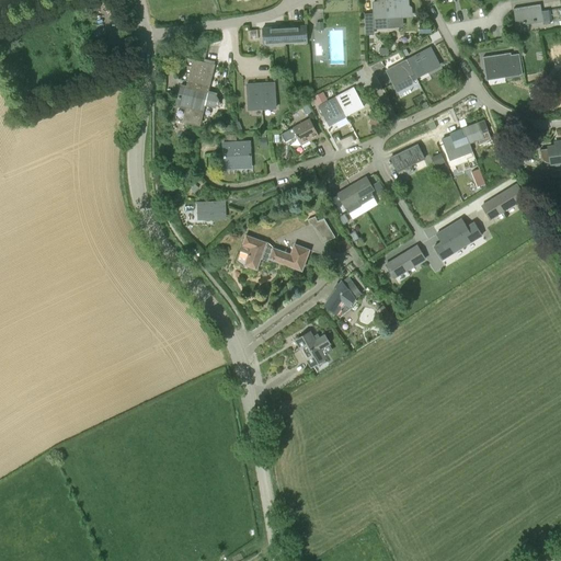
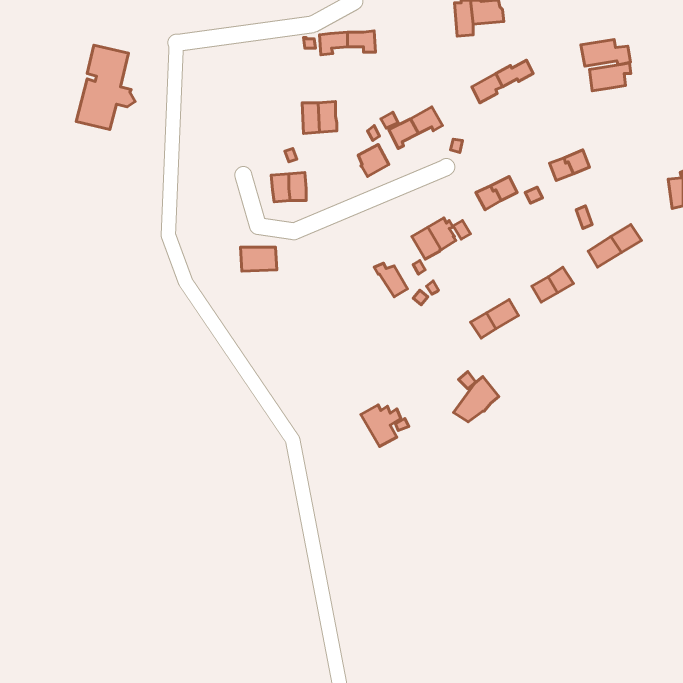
building: [513,4,553,26] -> [581,39,630,66]
building: [172,57,220,126] -> [76,45,135,130]
building: [241,236,309,270] -> none
building: [324,276,362,313] -> [454,376,499,422]

